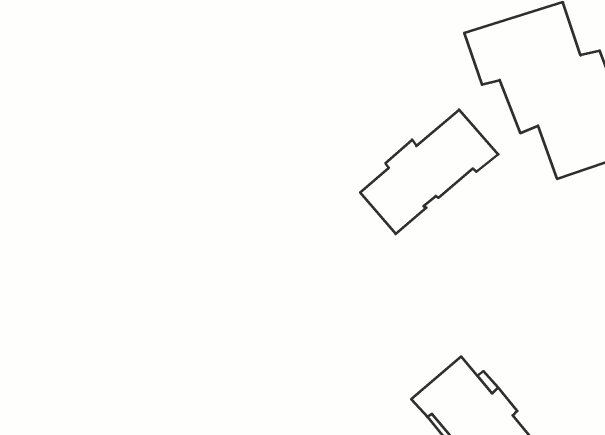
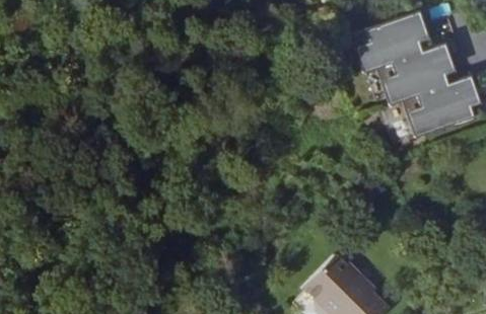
building: [360,110,498,234] -> none

